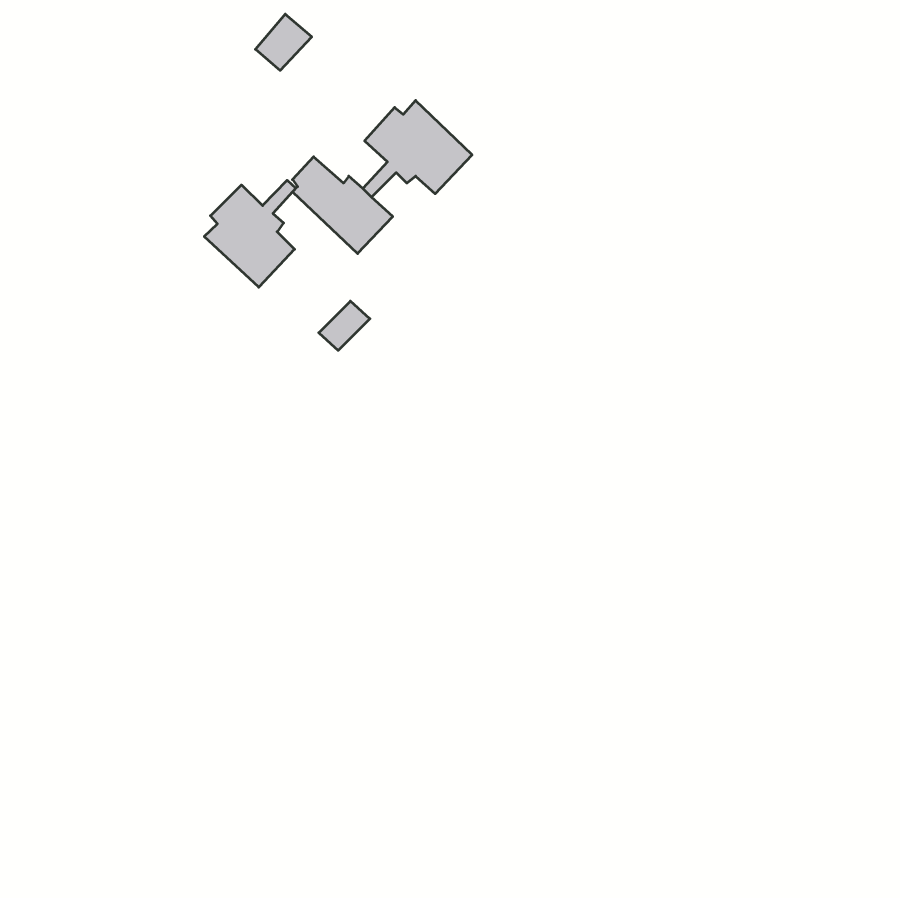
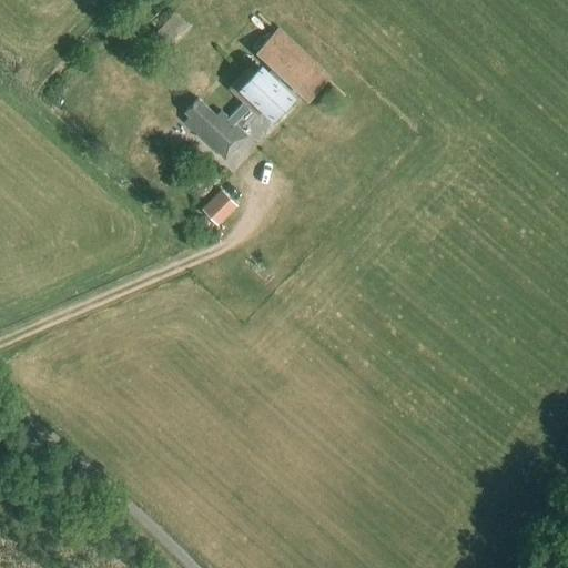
building: none -> [256,29,332,102]
building: [204,180,296,287] -> none

